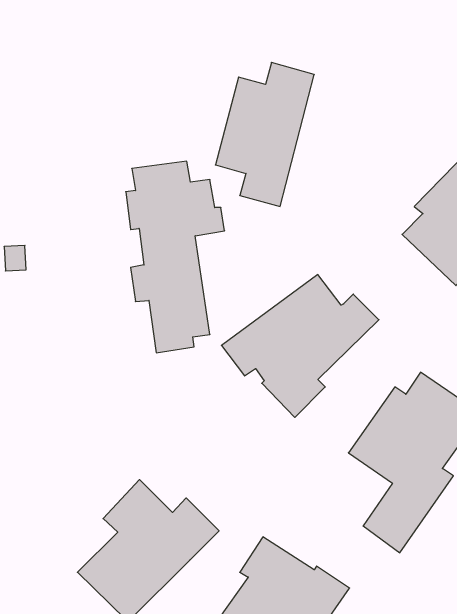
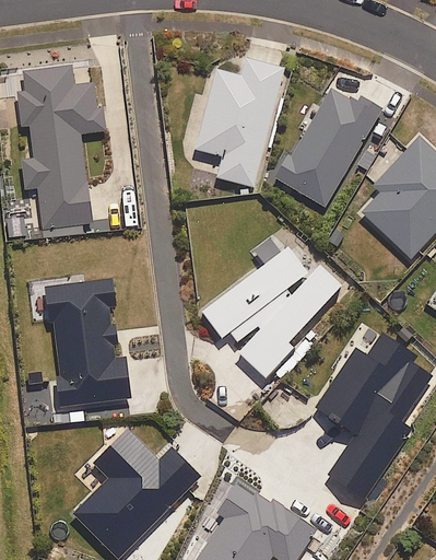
building: none -> [278,88,382,206]
building: [126,161,225,353] -> [19,70,107,242]
building: none -> [47,283,133,410]

